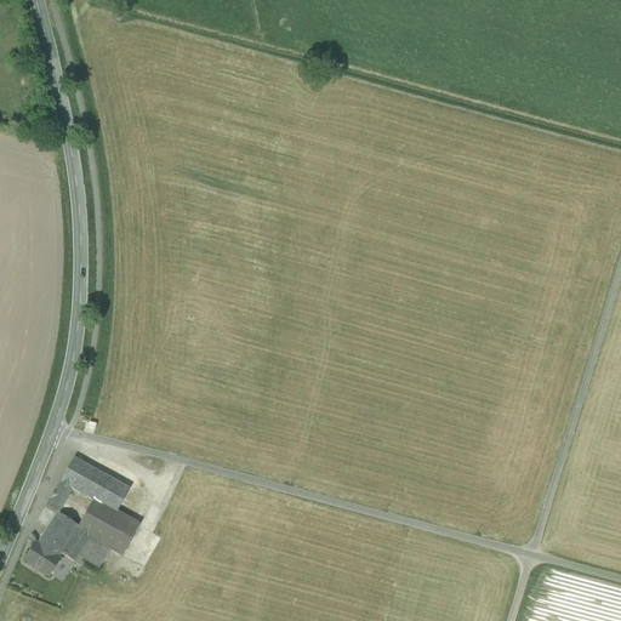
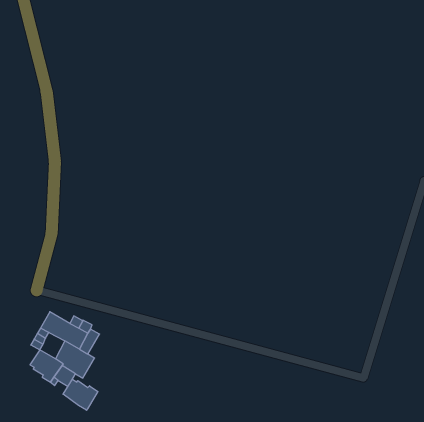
building: [24,534,63,574] -> none
building: none -> [63,379,98,410]

